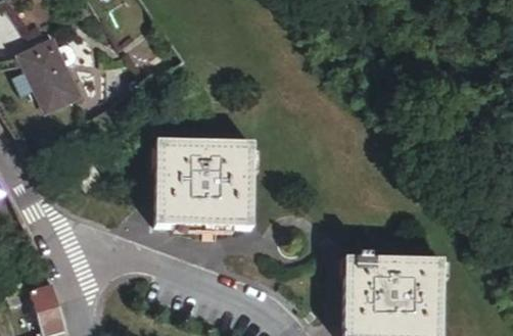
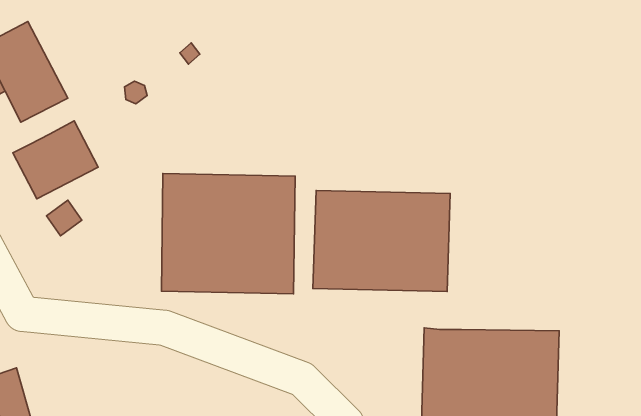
building: none -> [13,121,98,199]
building: none -> [313,191,450,291]

